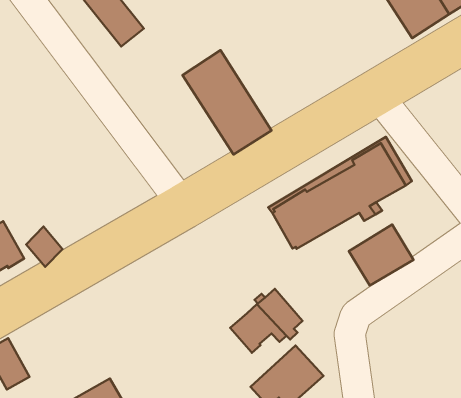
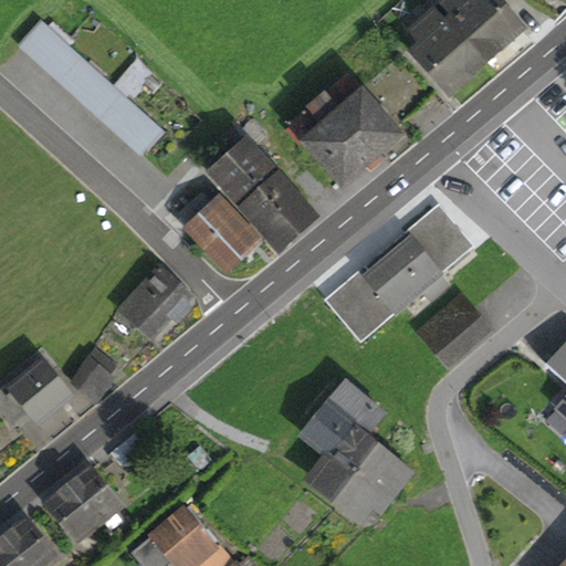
building: none -> [290,75,400,187]
building: none -> [177,192,258,268]
building: none -> [120,266,189,335]
building: none -> [67,468,119,523]
building: none -> [314,434,377,495]

